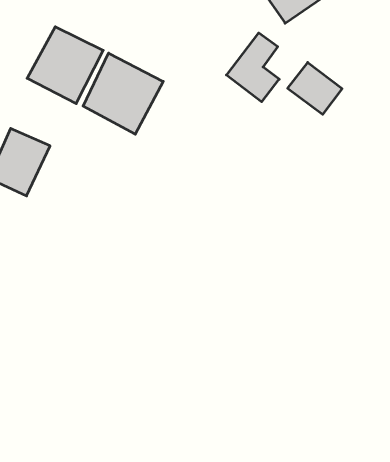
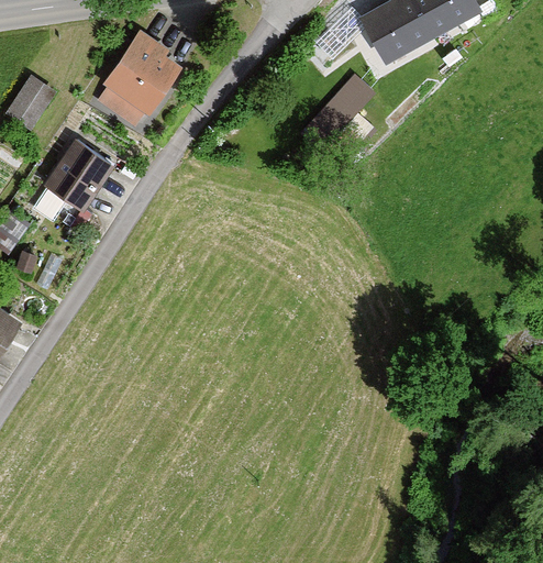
building: [83,53,163,134] -> none
building: [288,62,342,114] -> none

